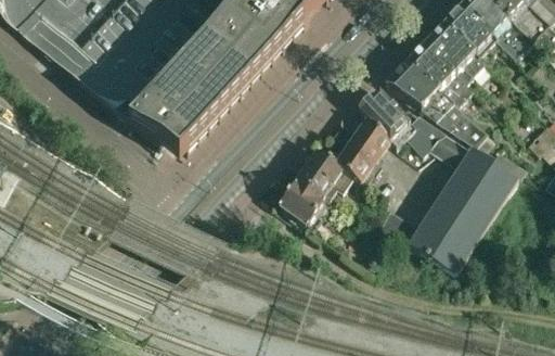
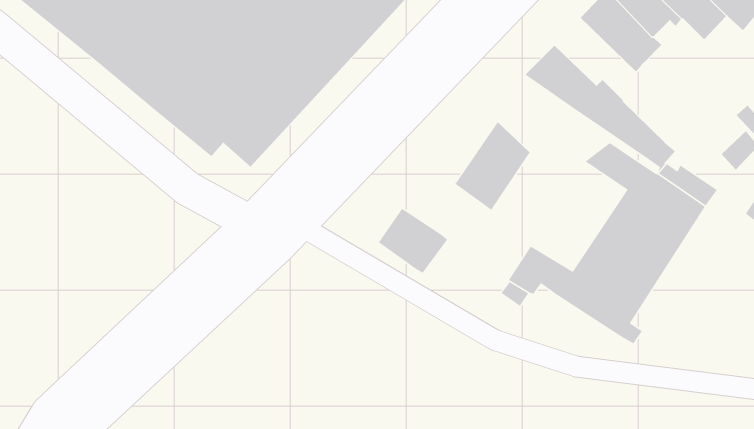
building: [408,39,474,100] -> none
building: [359,87,448,150] -> none
building: [297,147,362,196] -> none

